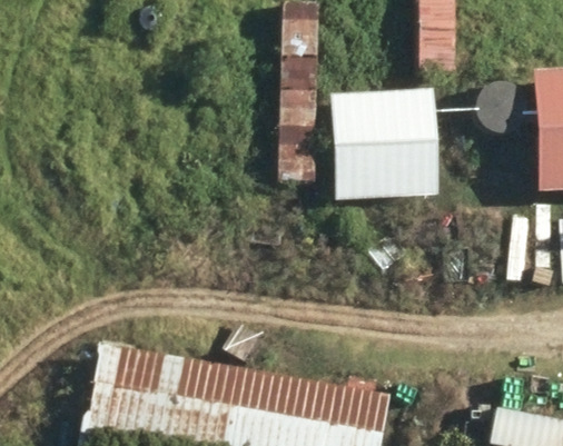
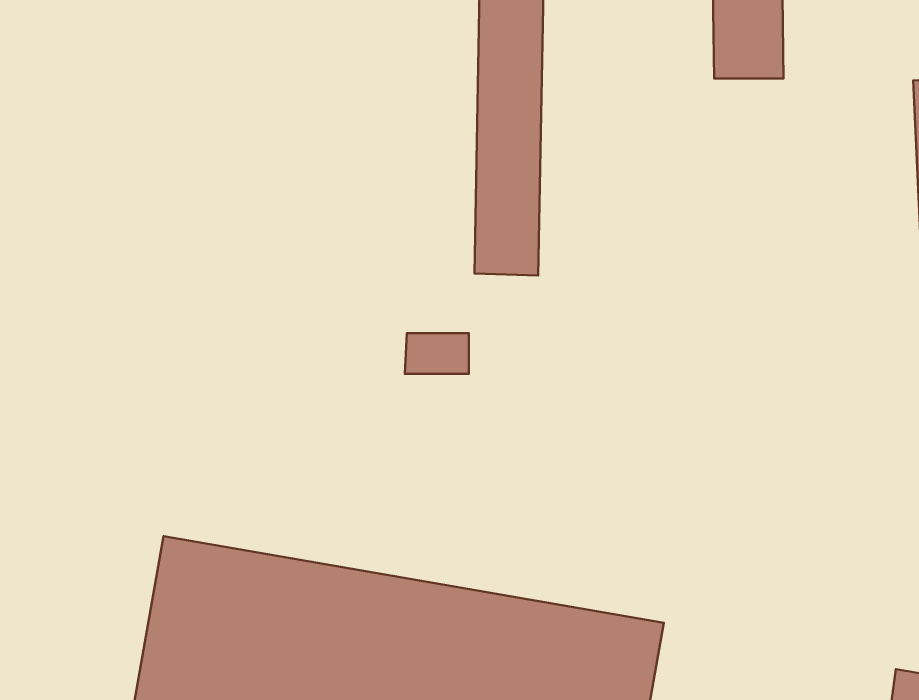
building: [329,90,438,200] -> none

